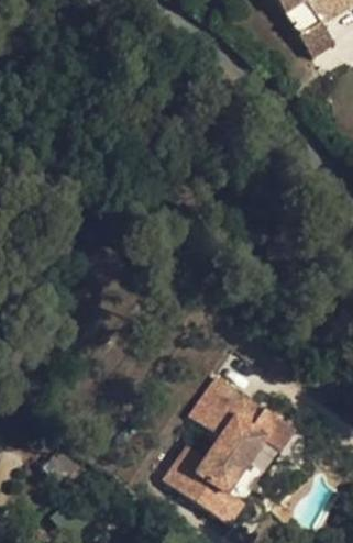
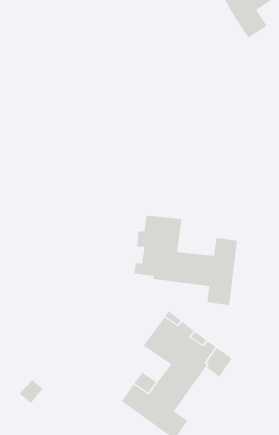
building: none -> [134,215,238,306]

